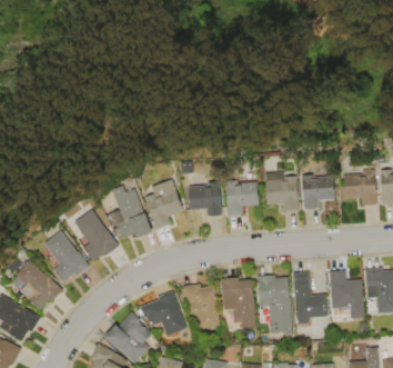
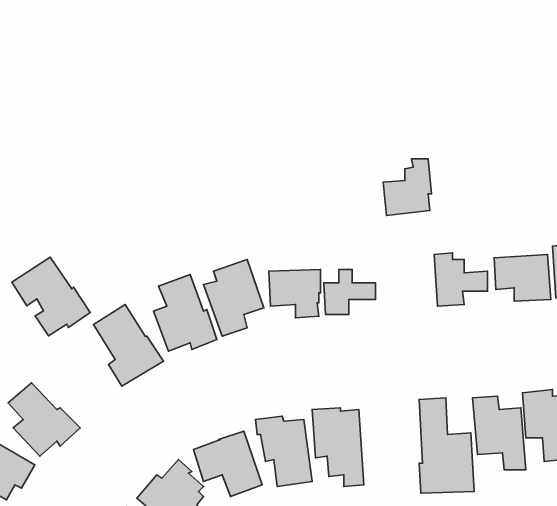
building: [271,176,303,213] -> [383,159,432,215]
building: [42,231,94,284] -> [12,257,90,336]
building: [259,275,292,337] -> none

